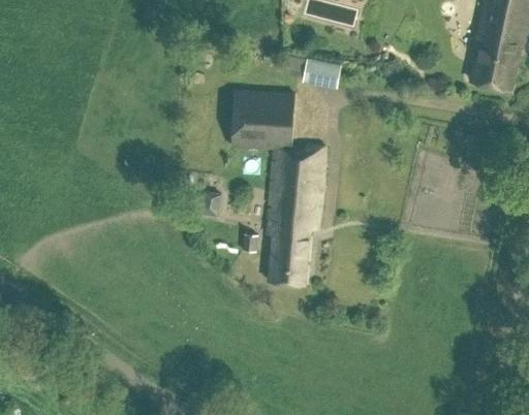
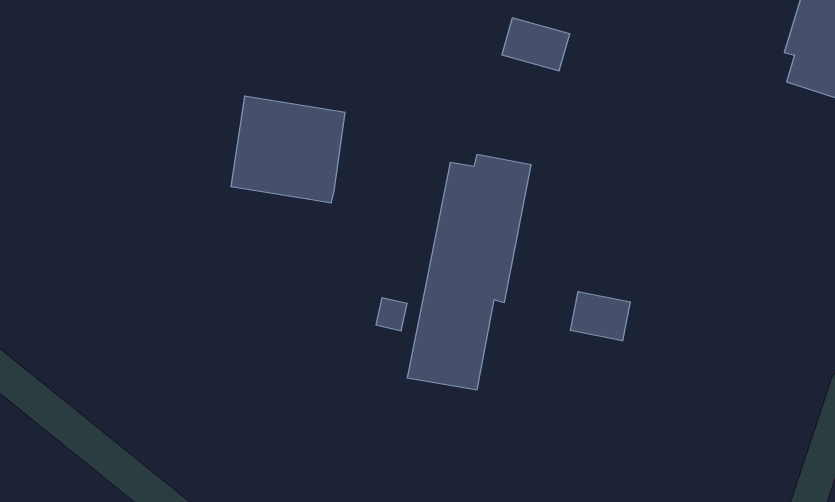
building: [232,91,297,150] -> [231,96,345,203]
building: none -> [571,291,630,341]

